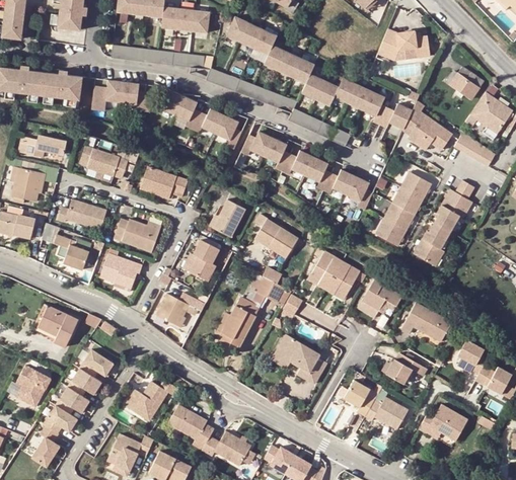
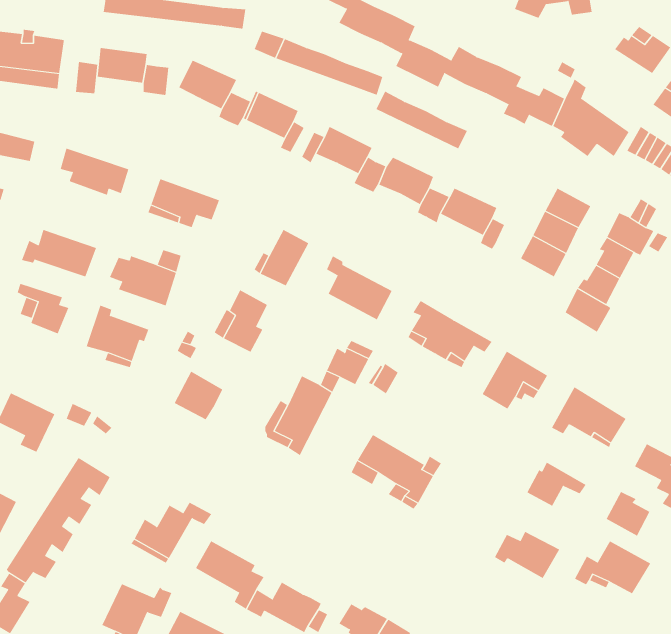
building: [374,219,406,246] -> none
building: none -> [606,491,650,536]
building: [345,380,375,415] -> none

